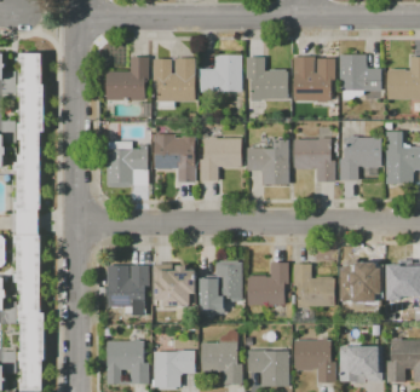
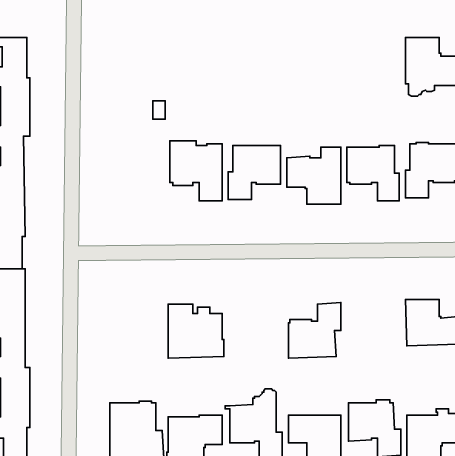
building: [200,54,241,92] -> none
building: [105,56,148,99] -> none
building: [292,56,334,102] -> none
building: [246,57,287,100] -> none
building: [153,58,194,108] -> none
building: [98,121,148,188] -> none
building: [200,260,241,312] -> none
building: [290,263,334,312] -> none
building: [98,265,149,316] -> none

